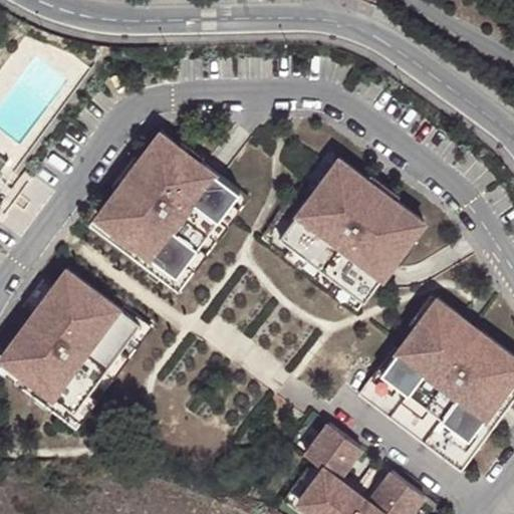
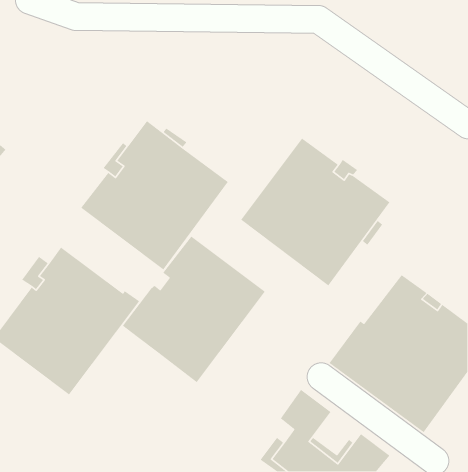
building: none -> [122,236,266,383]

